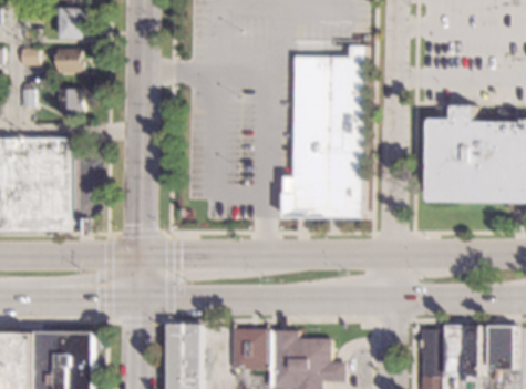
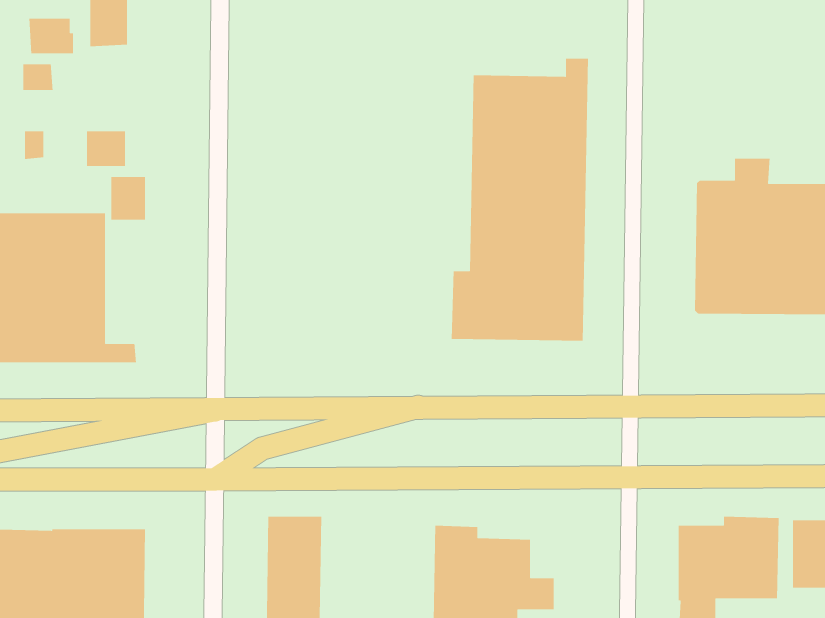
building: [55,49,83,71] -> [29,18,74,54]
building: none -> [110,176,146,220]
building: [233,328,266,369] -> none

